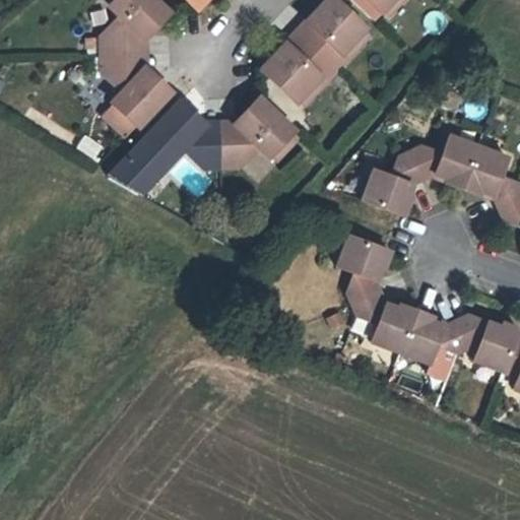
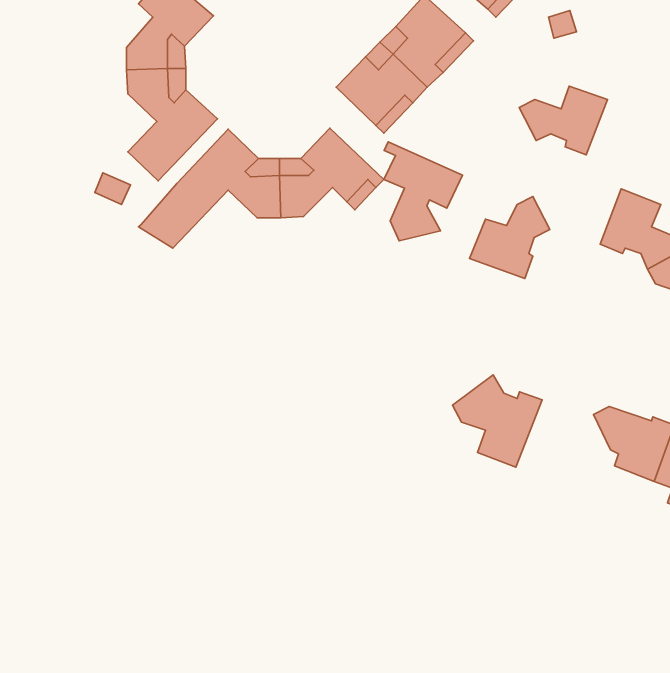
building: none -> [384,142,463,241]
building: [413,135,481,188] -> [519,86,607,155]
building: [340,234,394,312] -> none
building: [400,308,473,371] -> none

